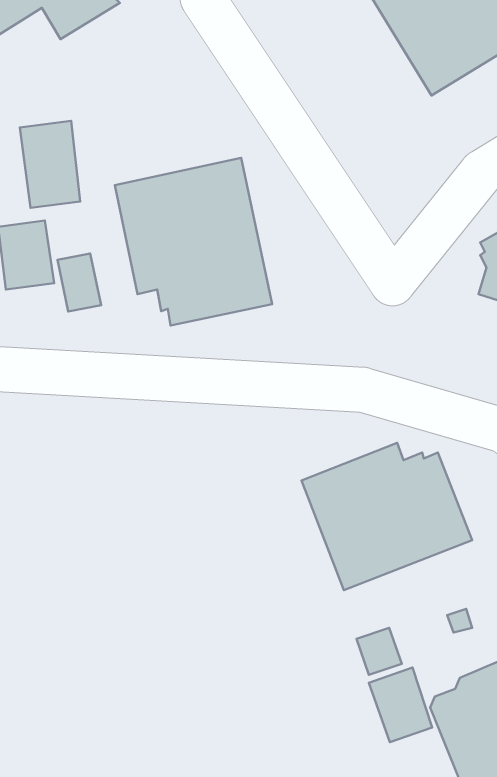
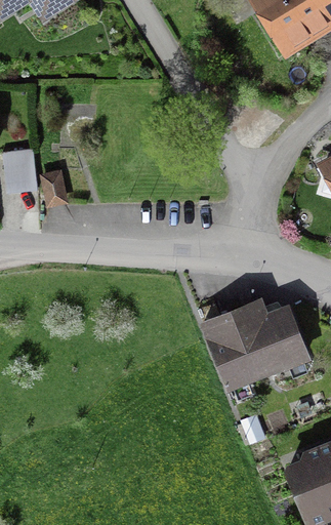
building: [20,121,80,208] -> none
building: [115,158,272,325] -> none
building: [369,668,432,742] -> none

